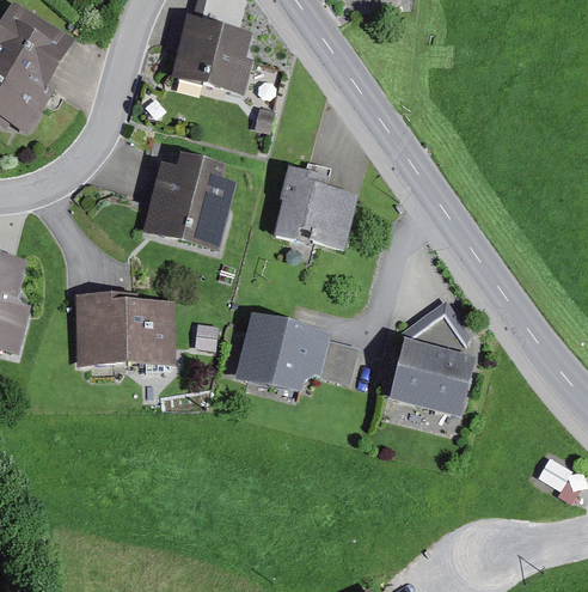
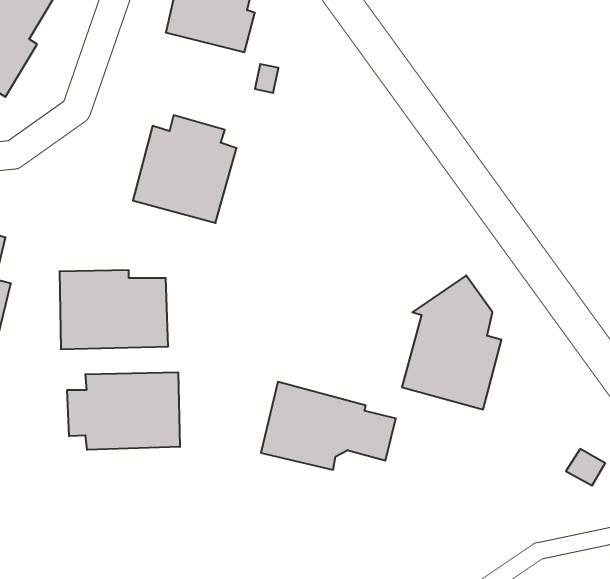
building: [274,166,359,249] -> none
building: [235,311,359,391] -> [261,382,396,470]
building: none -> [67,372,180,450]

